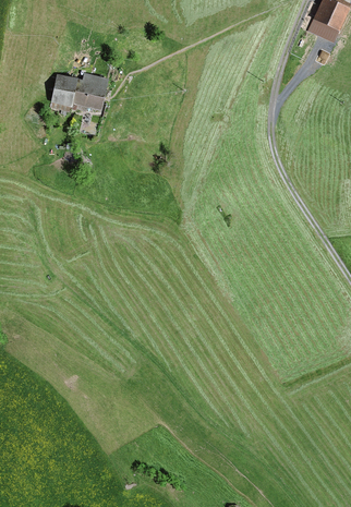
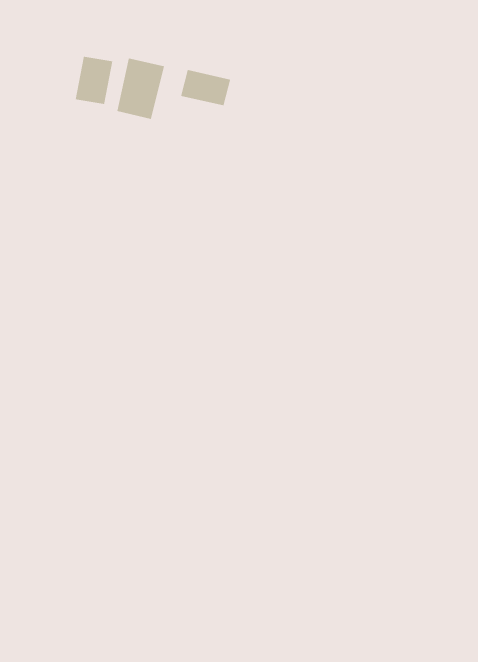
building: none -> [180,69,231,106]

